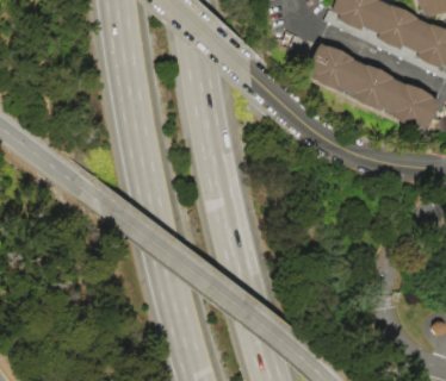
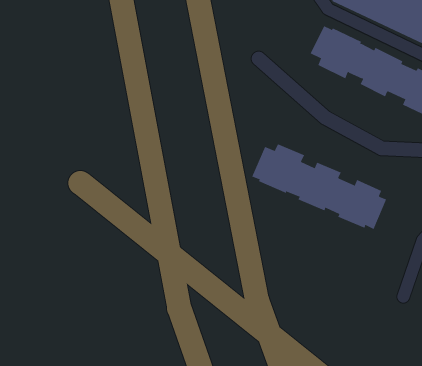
building: none -> [252,144,387,230]

